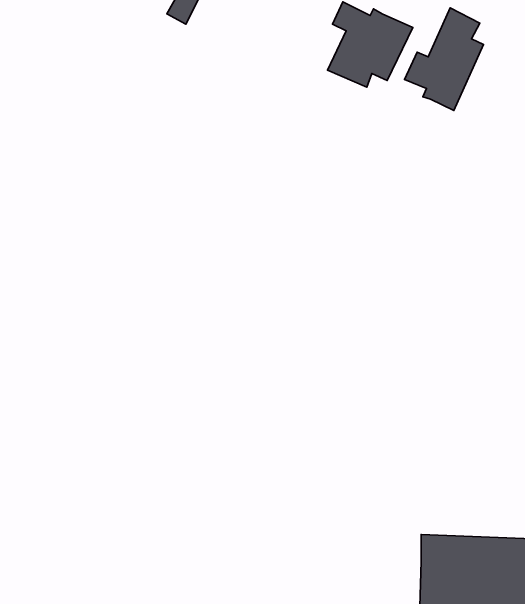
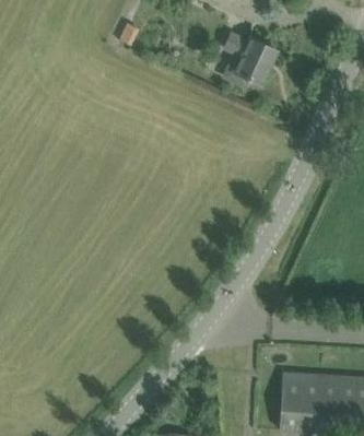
building: [404,8,483,111] -> none

